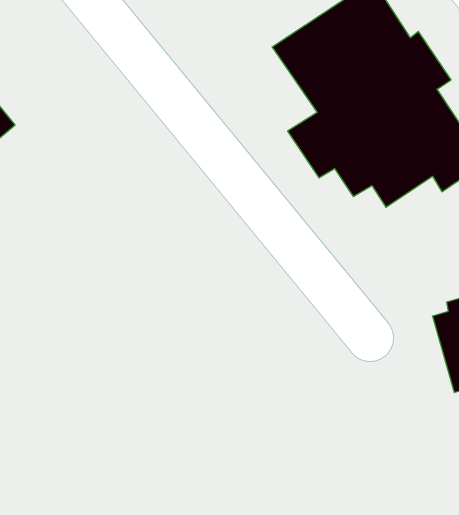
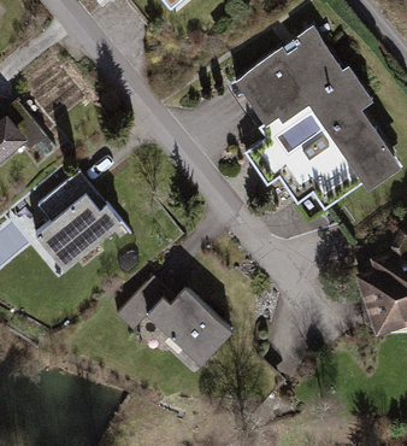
building: none -> [36,170,125,277]
building: none -> [118,276,230,370]

